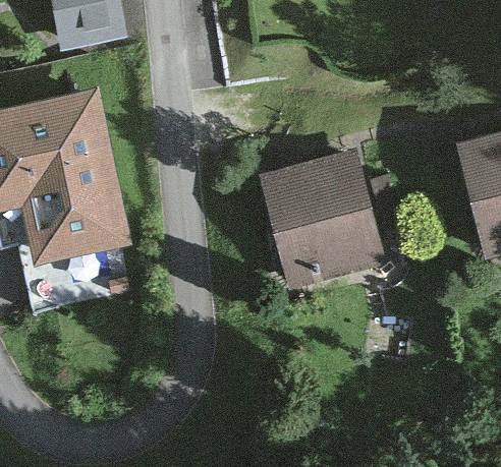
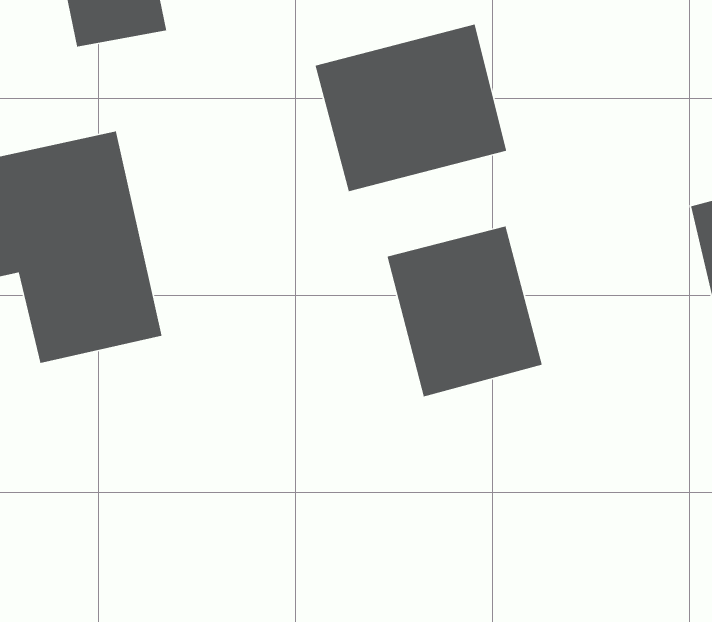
building: none -> [315,23,507,192]

